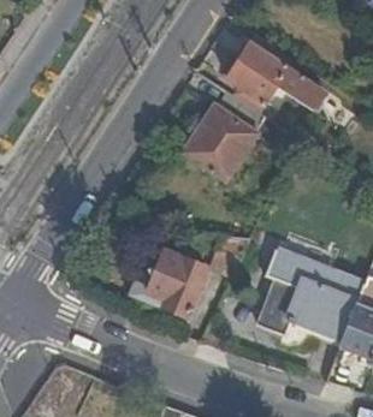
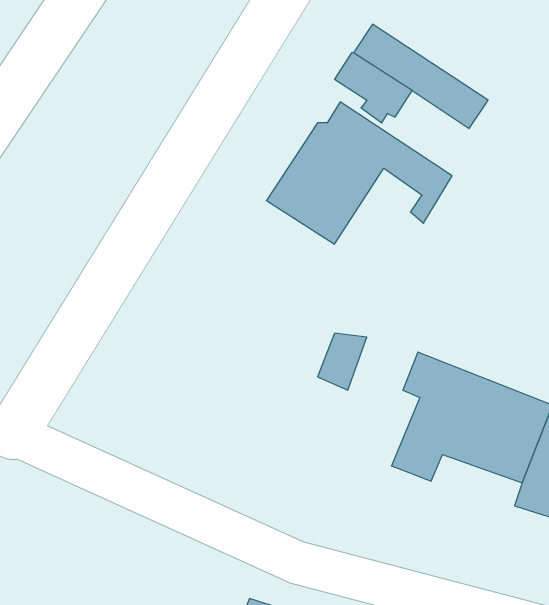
building: [130,248,208,315] -> none

